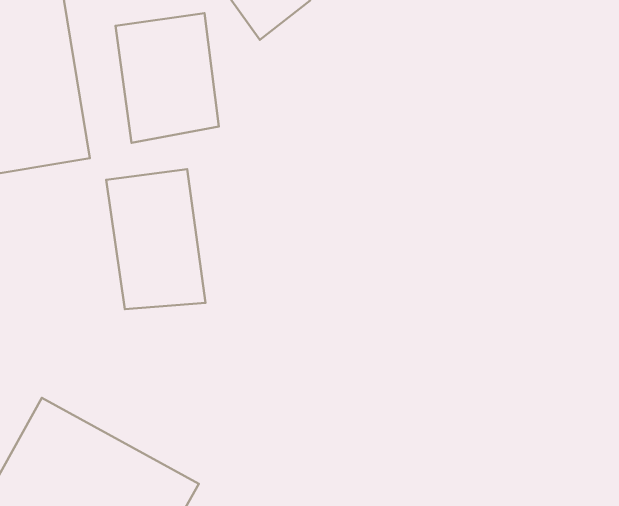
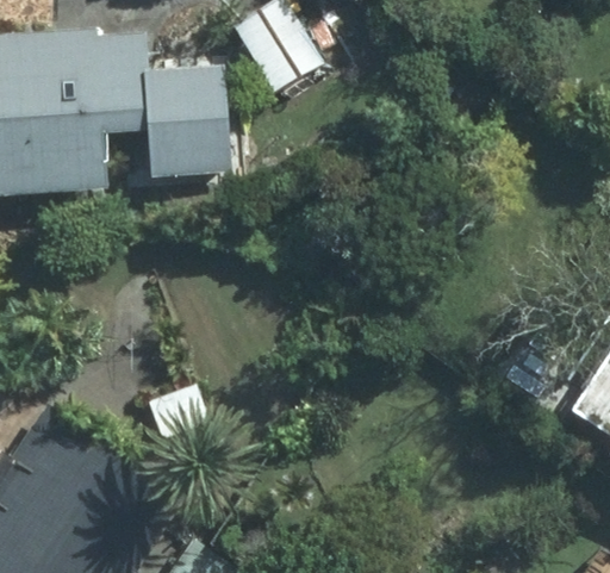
building: [106,169,206,309] -> none

